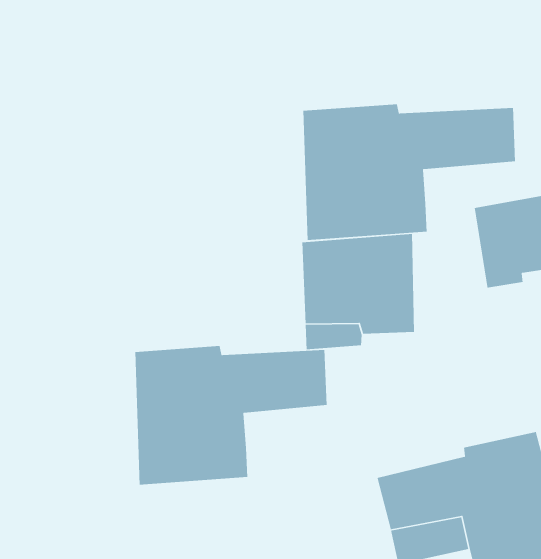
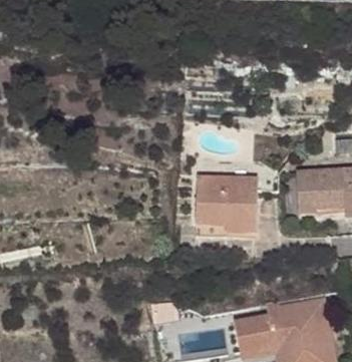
building: [303,104,516,241] -> none
building: [135,345,327,486] -> none

